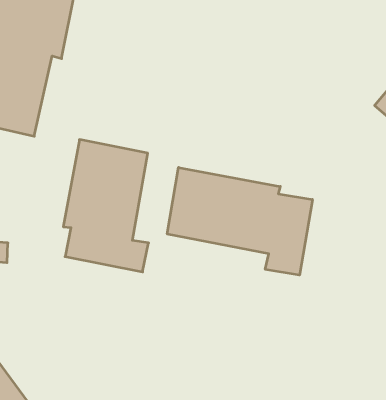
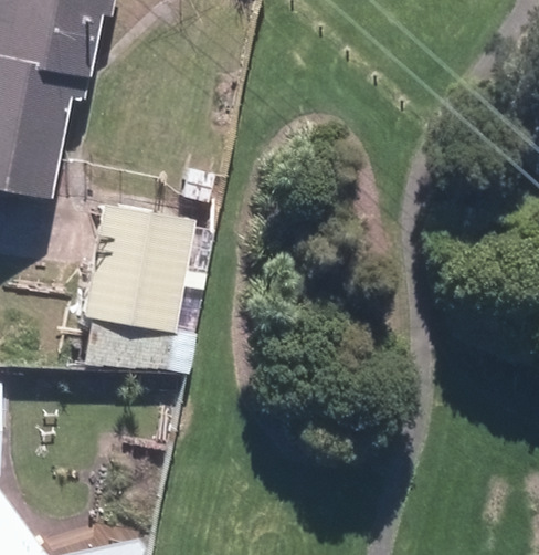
building: [167,167,312,275] -> none

